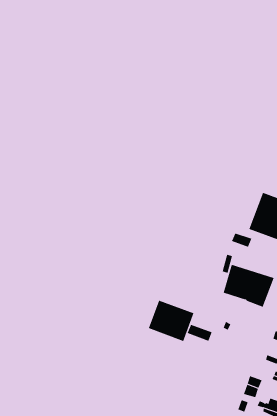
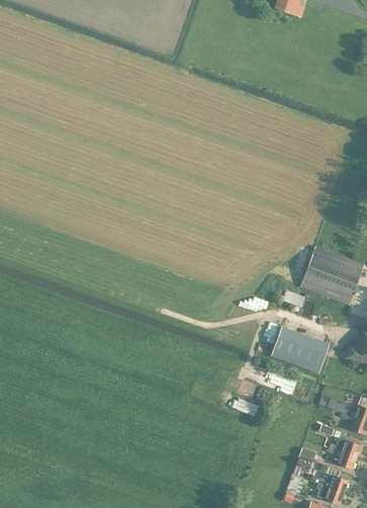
building: [148,300,194,342] -> none

